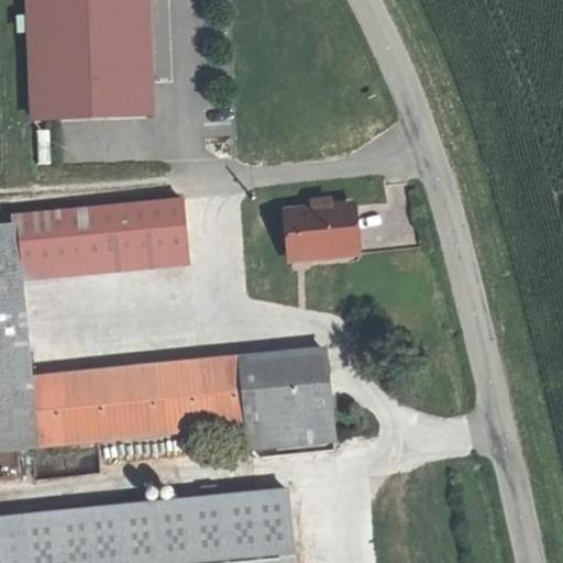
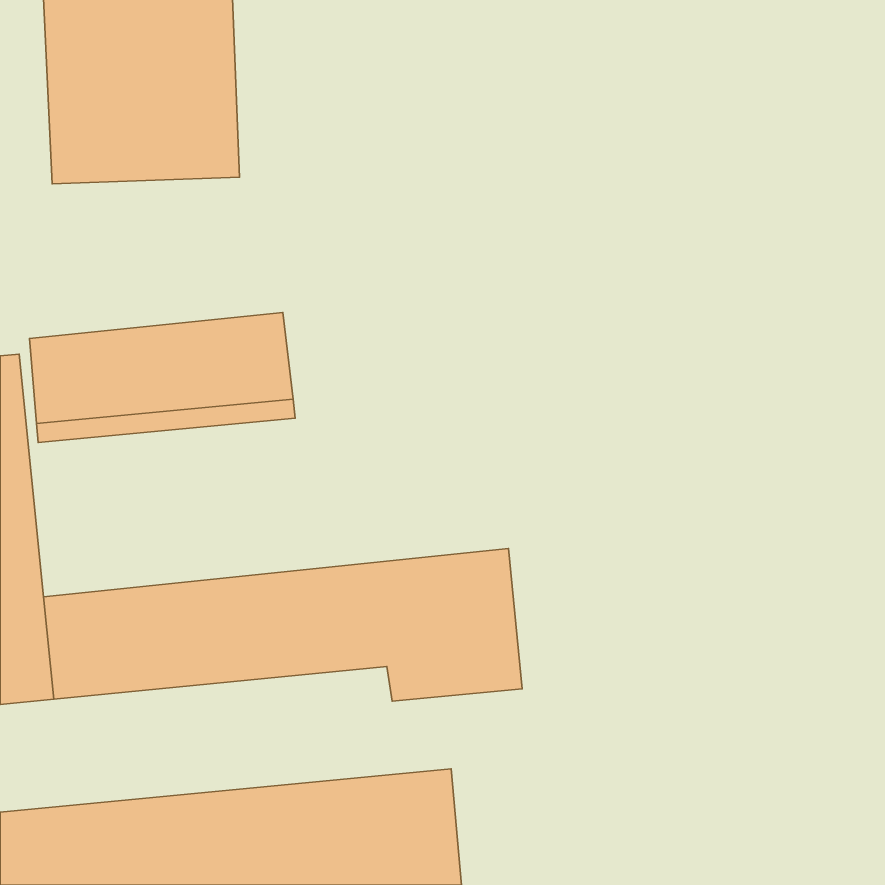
building: [286,203,353,257] -> none

